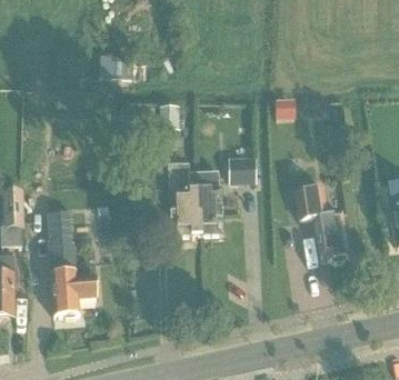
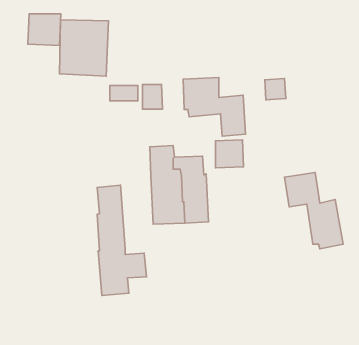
building: none -> [28,14,61,46]
building: none -> [183,78,246,136]
building: [49,210,96,314] -> [97,185,146,296]

